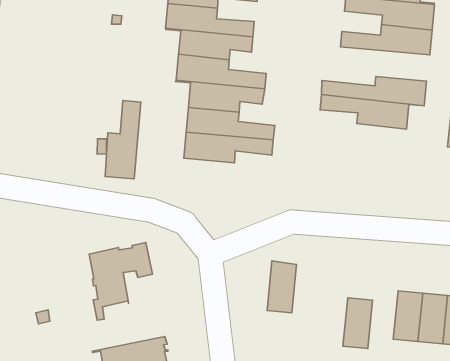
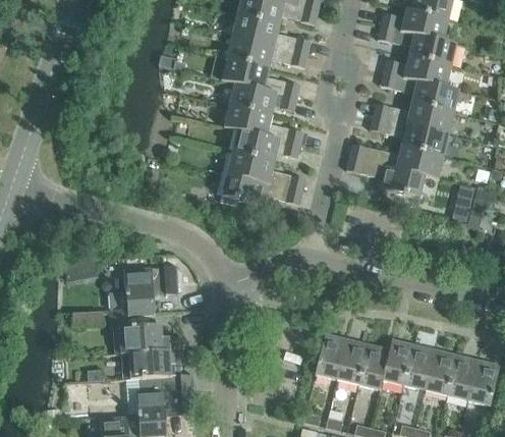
building: none -> [369,118,449,159]
building: [105,101,141,179] -> none
building: [267,261,297,313] -> [316,333,347,381]
building: none -> [110,310,183,354]
building: none -> [358,344,389,391]

